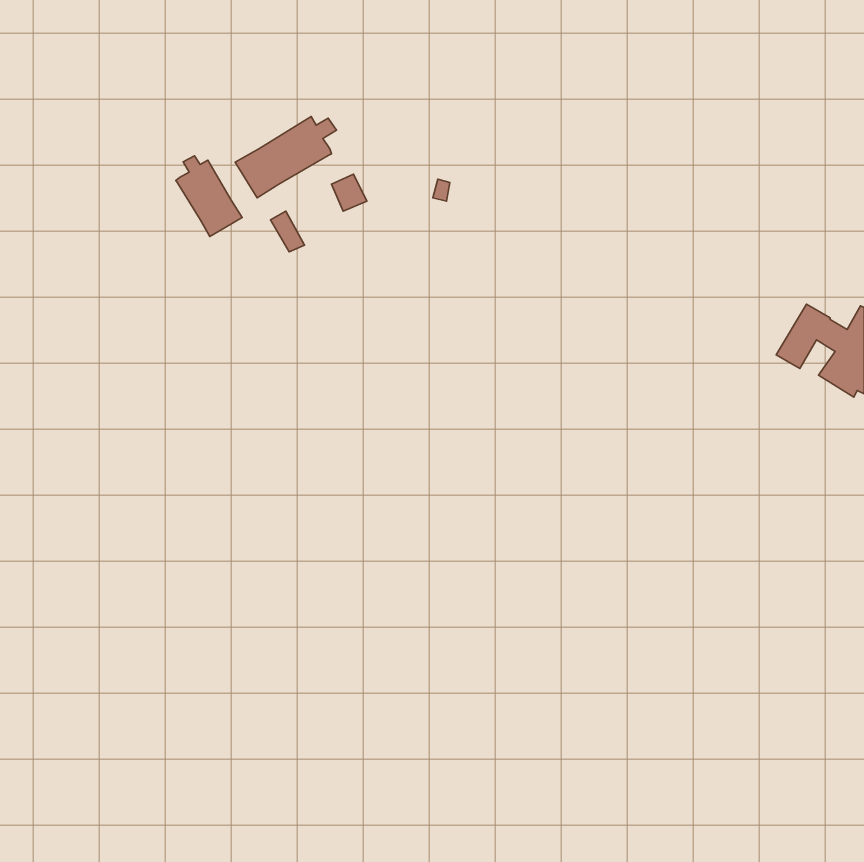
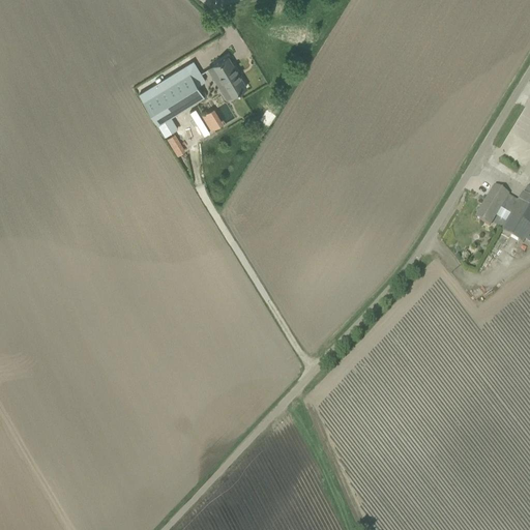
building: none -> [208,55,247,98]
building: [176,156,242,236] -> none

